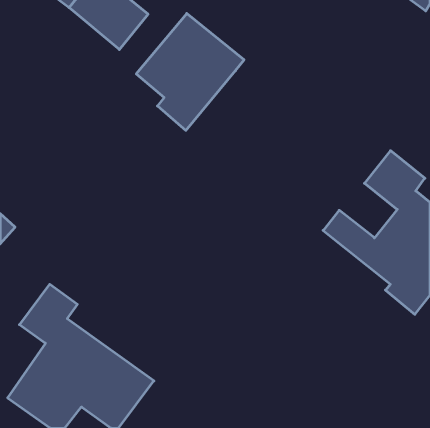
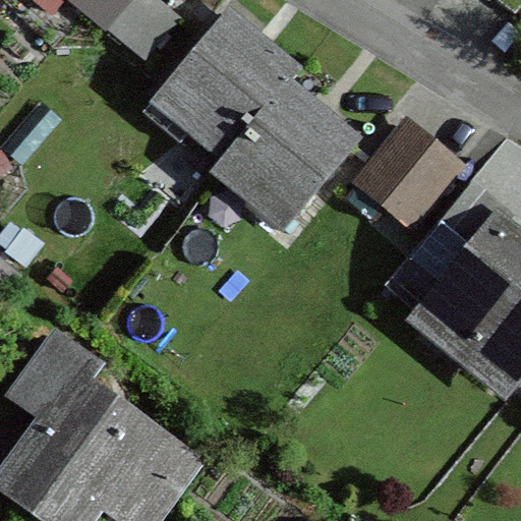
building: none -> [215,85,354,216]
building: none -> [363,127,454,219]

